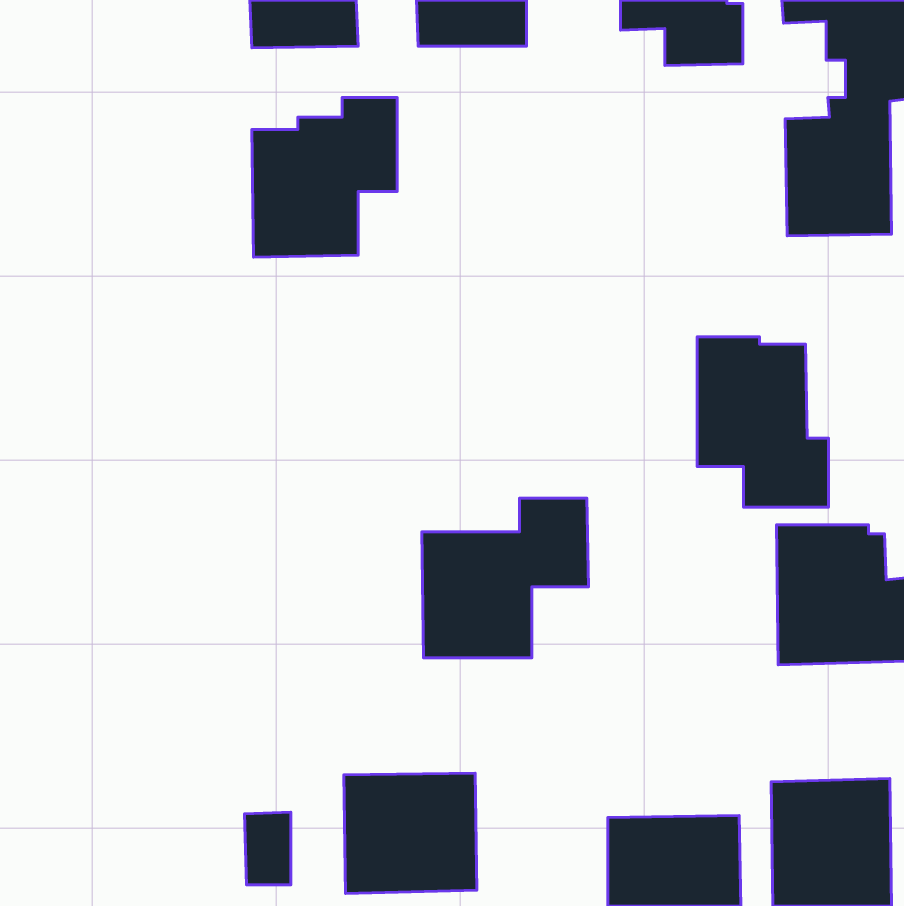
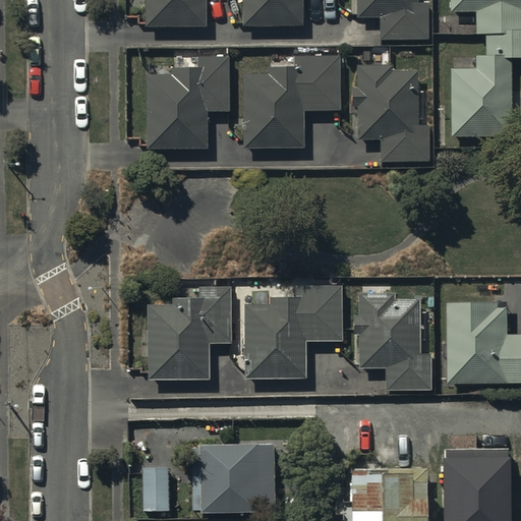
building: none -> [244,56,339,148]
building: none -> [356,65,431,161]
building: [697,337,828,507] -> [358,294,433,392]
building: none -> [146,286,232,381]

